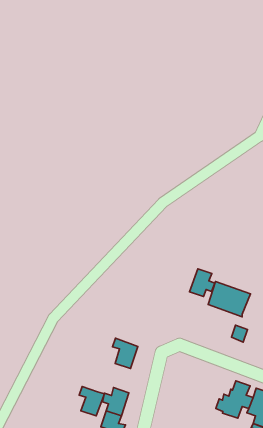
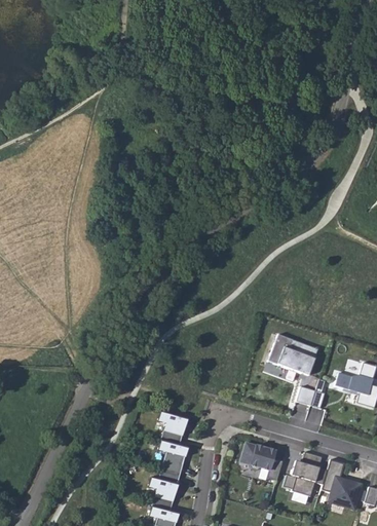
building: [190,269,215,296] -> none
building: none -> [241,442,284,480]
building: [79,387,104,416] -> [159,440,189,474]

